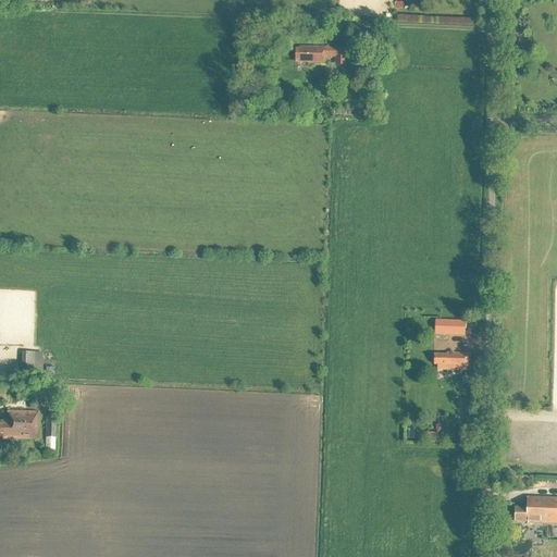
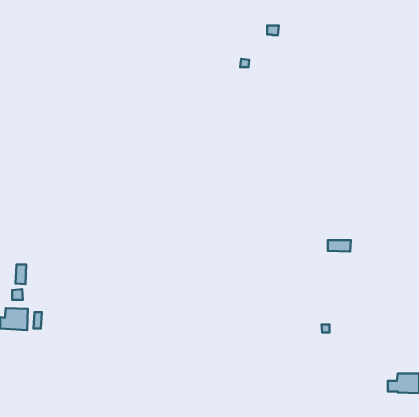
building: [296,46,347,64] -> none
building: [434,351,468,370] -> none

